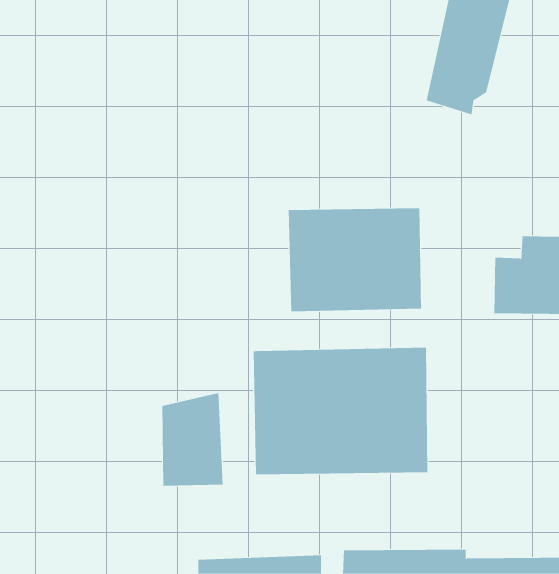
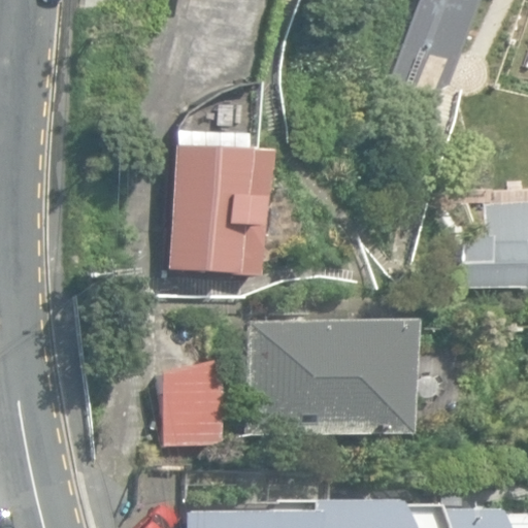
building: none -> [175,130,259,275]
building: [288,207,422,312] -> none

